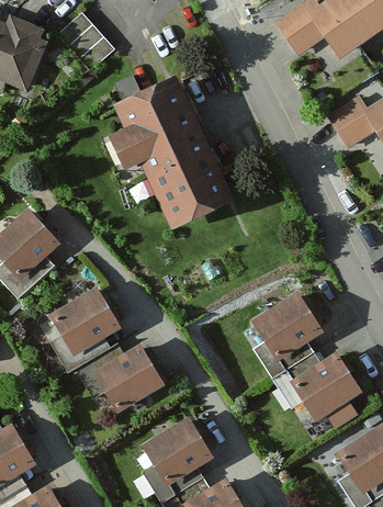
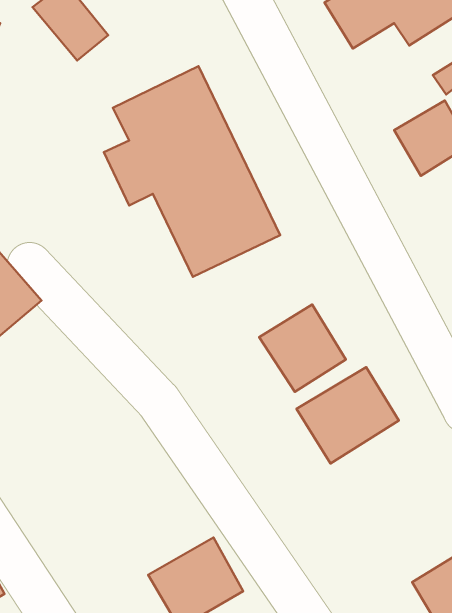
building: none -> [259,304,346,392]
building: [50,286,120,352] -> none
building: [91,347,162,413] -> none
building: [293,351,359,414] -> none

